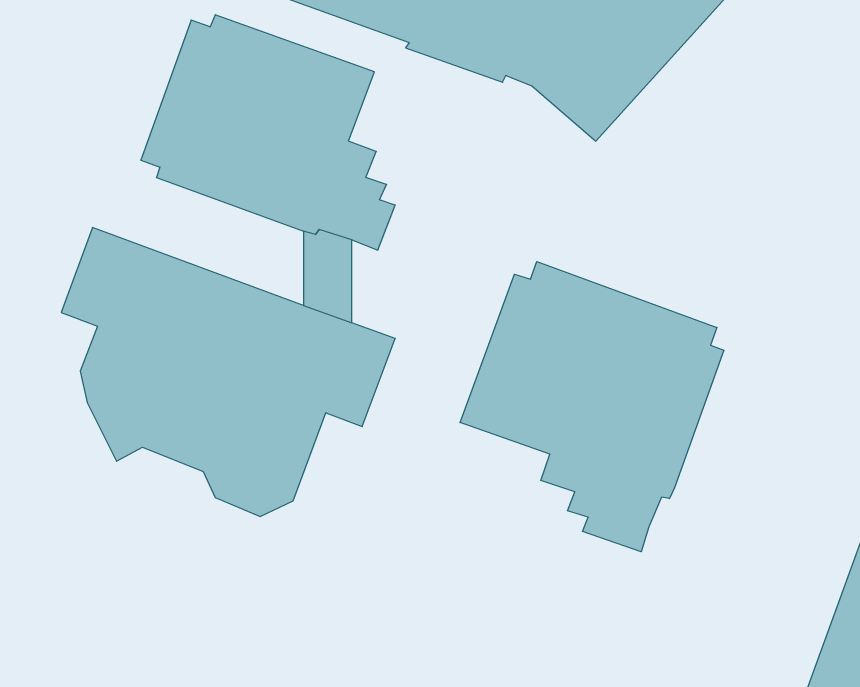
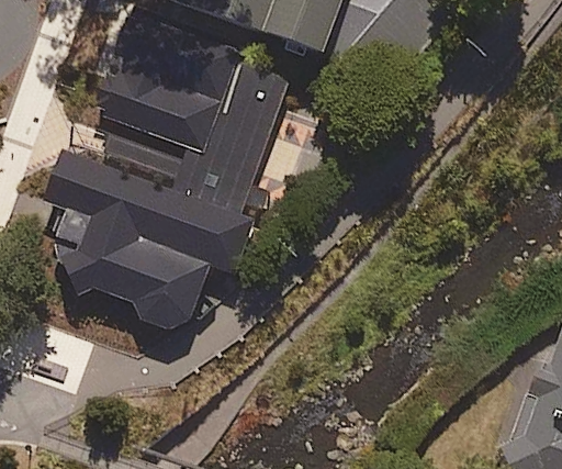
building: [460,262,724,552] -> none

